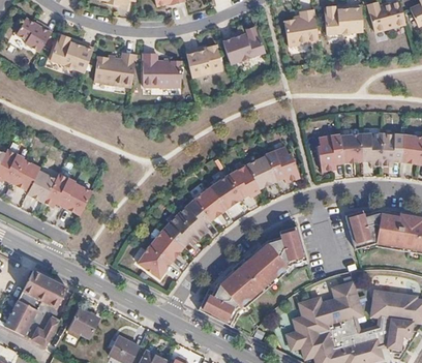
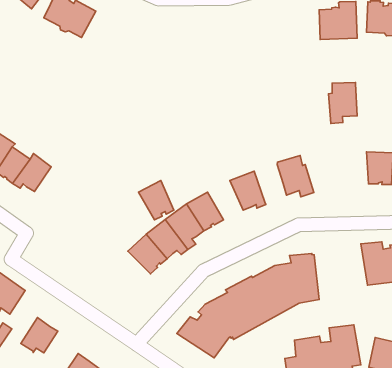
building: [222,25,266,62] -> none
building: [186,42,223,75] -> none
building: [94,50,137,85] -> none
building: [143,52,183,86] -> none
building: [319,132,345,170] -> [328,83,357,123]
building: [247,154,277,187] -> none
building: [210,173,242,207] -> [138,180,174,220]
building: [63,181,93,213] -> none
building: [138,244,171,275] -> none

